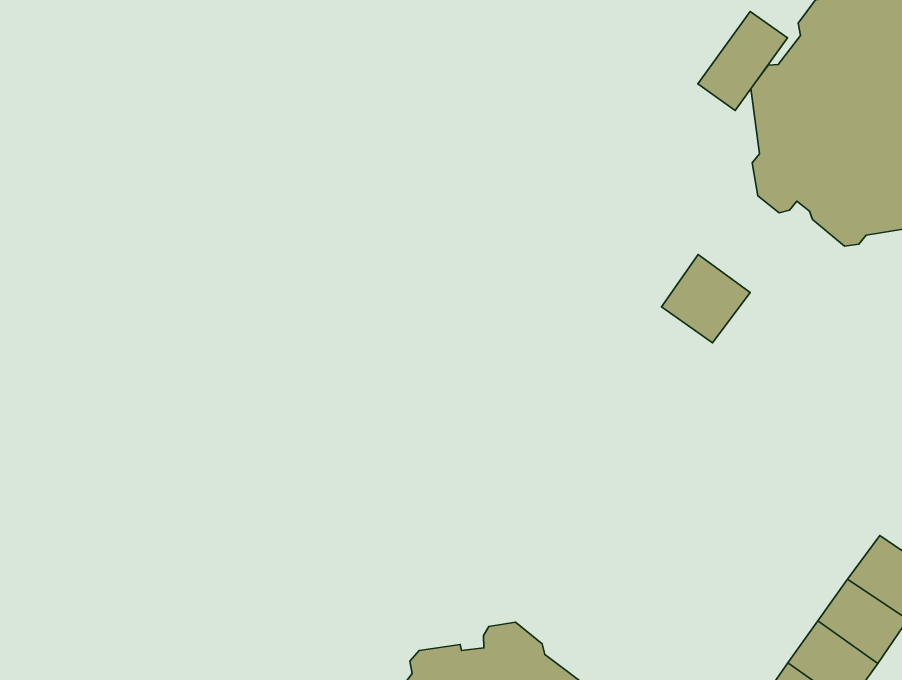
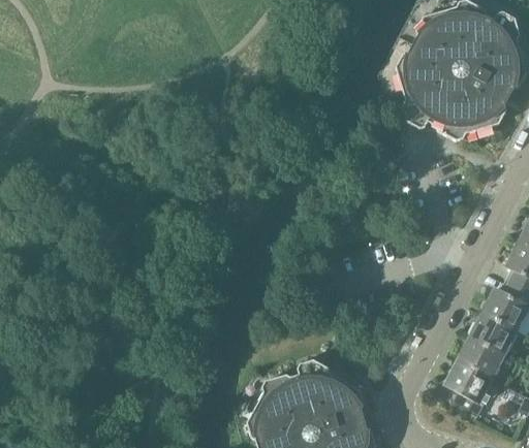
building: [698,11,787,110] -> none
building: [662,255,750,343] -> none

